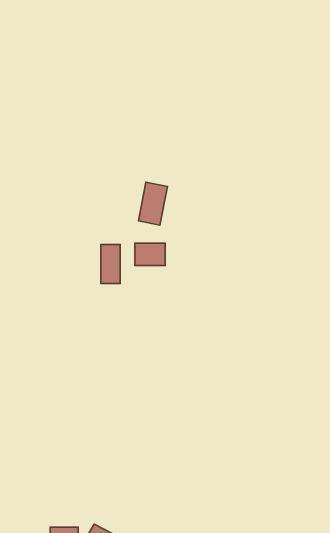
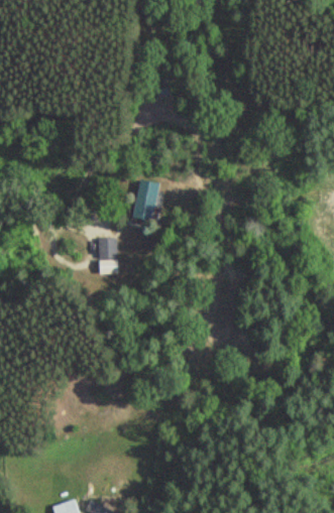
building: [135,243,165,265] -> none

